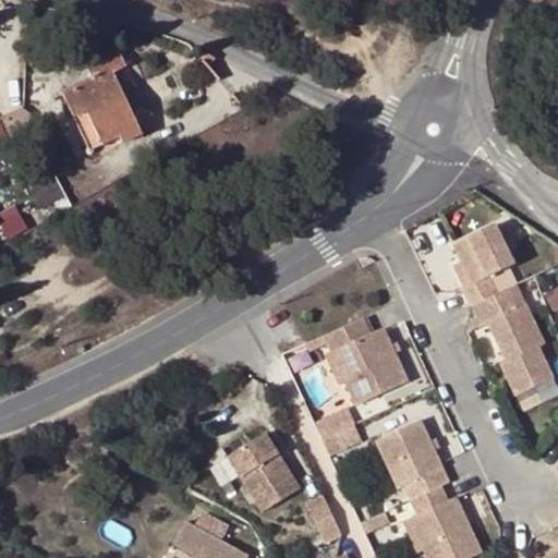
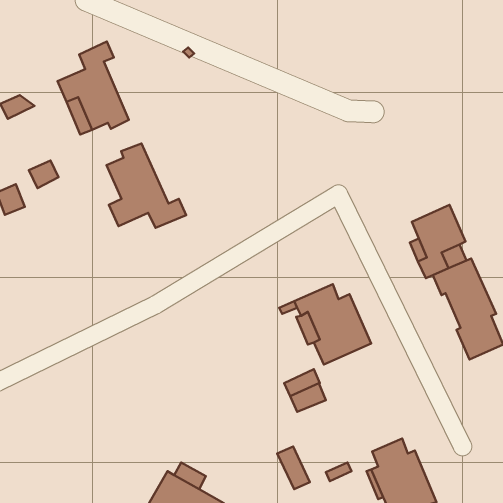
building: none -> [106,144,186,228]
building: [379,422,449,500] -> none
building: [231,432,301,508] -> none

